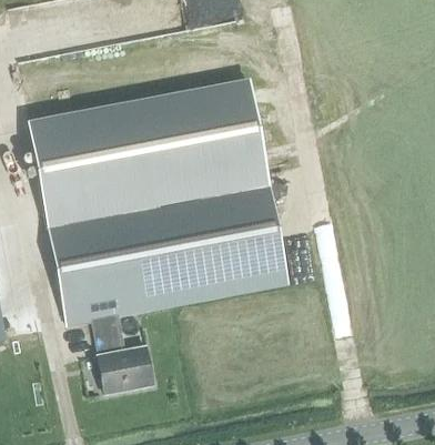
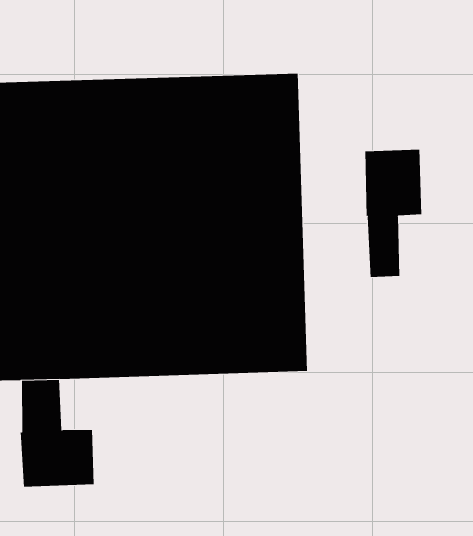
building: none -> [365,149,422,278]

